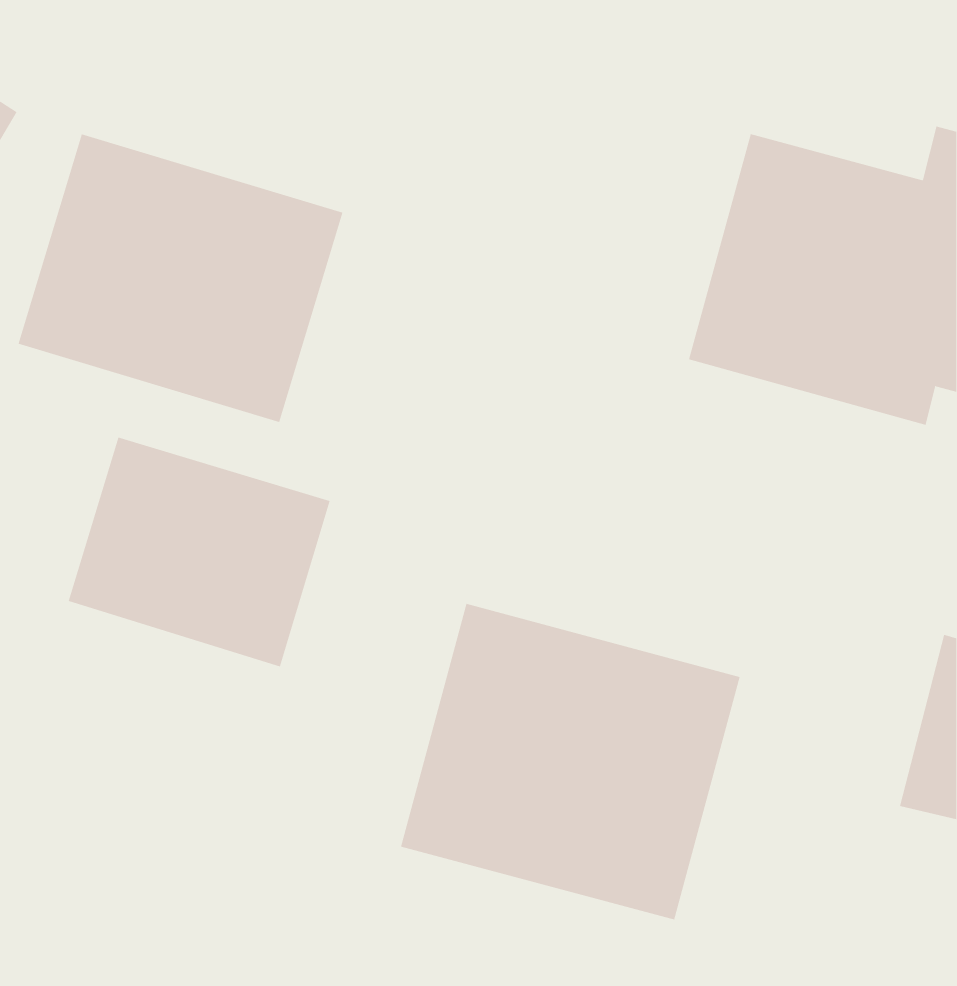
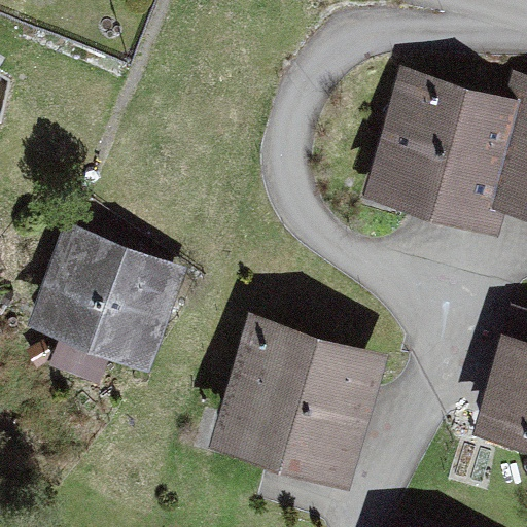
building: [18,133,343,423] -> none

